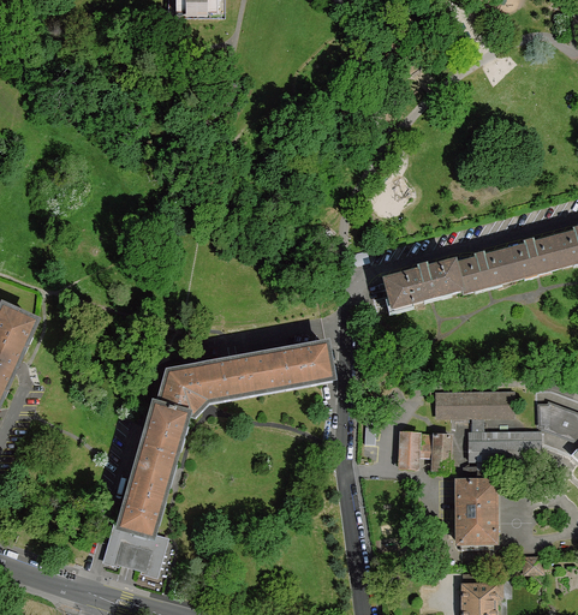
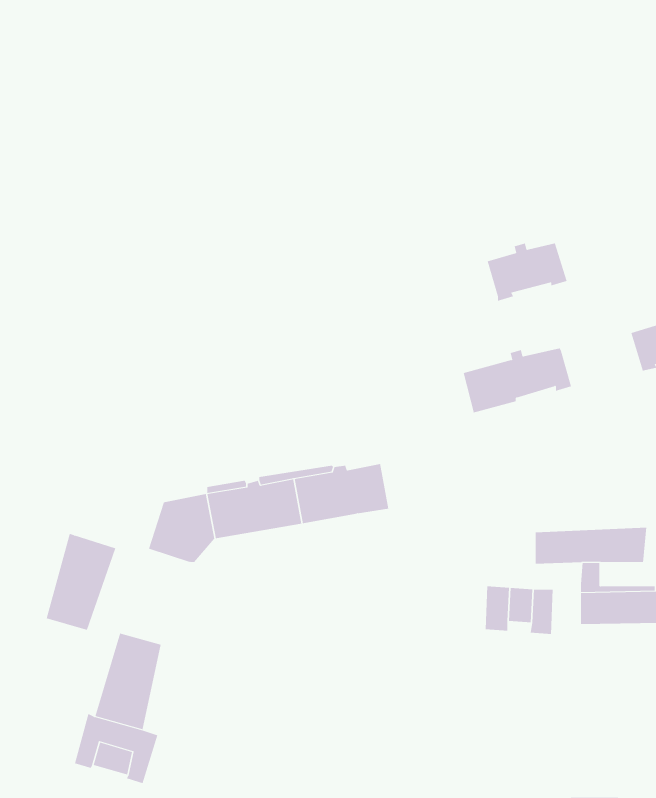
building: [454,251,512,293] -> [487,243,567,301]
building: [137,405,187,474] -> [46,533,116,630]
building: [455,480,495,549] -> none

